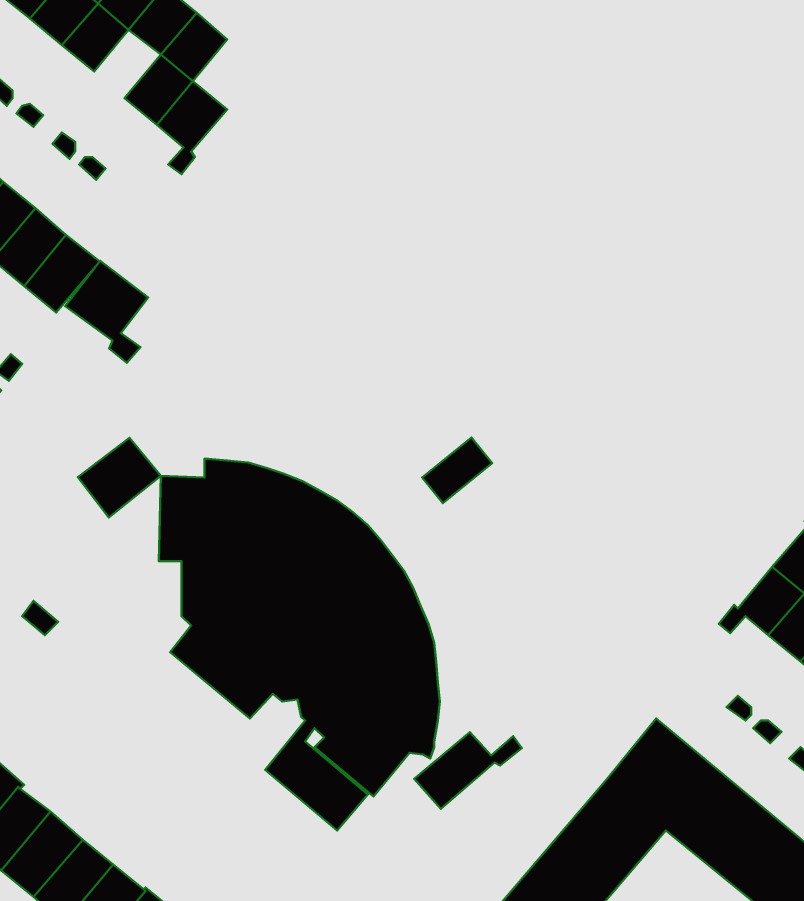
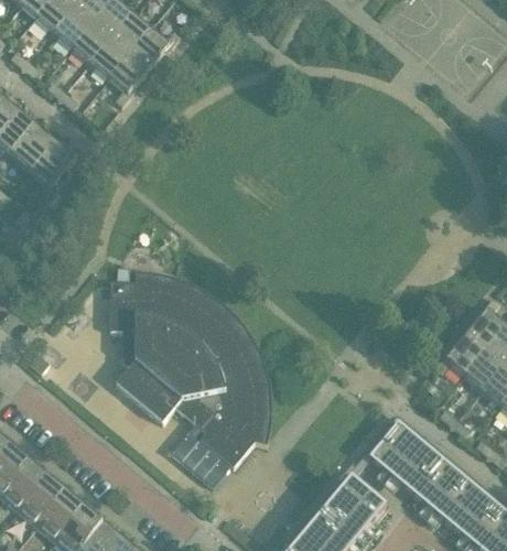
building: none -> [71,20,109,60]
building: none -> [128,25,180,66]
building: [65,261,148,363] -> none
building: [422,438,492,503] -> none
building: [78,438,161,518] -> none
building: [414,732,522,809] -> none

